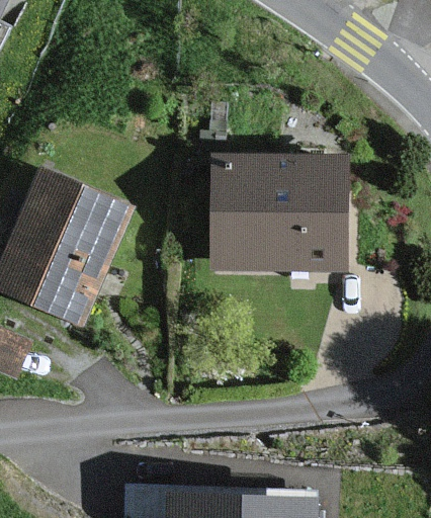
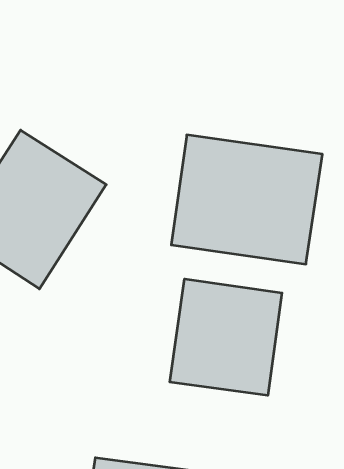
building: none -> [170,279,282,395]

